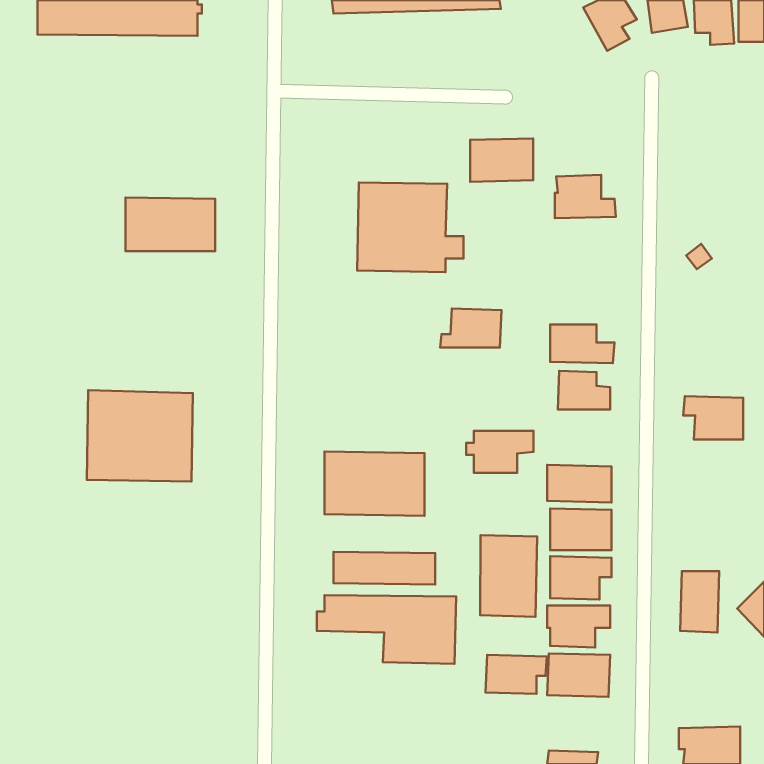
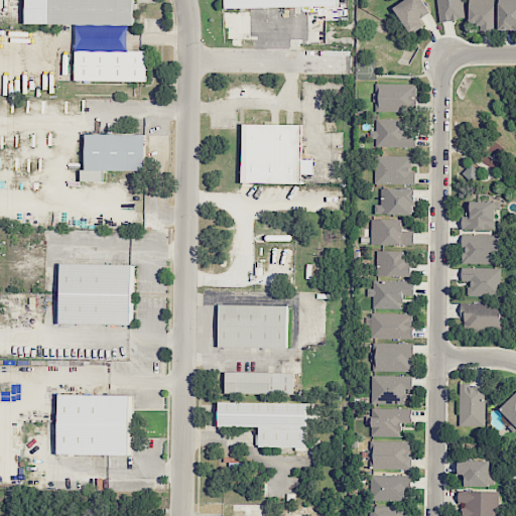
building: none -> [74,50,146,82]
building: [470,138,533,182] -> [374,83,416,112]
building: none -> [374,155,415,182]
building: none -> [461,201,495,230]
building: [440,309,501,347] -> [374,187,415,214]
building: none -> [462,235,500,264]
building: [466,431,534,473] -> [368,280,413,308]
building: none -> [461,303,501,330]
building: [480,535,537,617] -> none
building: none -> [56,394,129,455]
building: [486,655,547,694] -> [370,475,411,501]
building: none -> [458,460,495,487]

